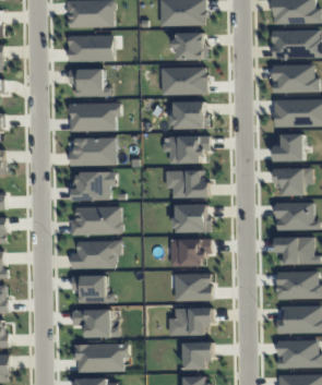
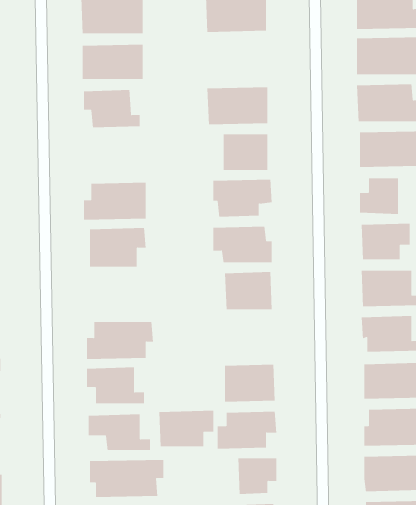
building: [175,32,205,60] -> none
building: [69,103,121,131] -> none
building: [70,206,121,234] -> none
building: [169,239,211,266] -> [159,410,214,447]

